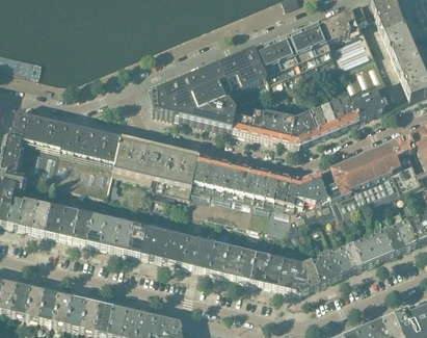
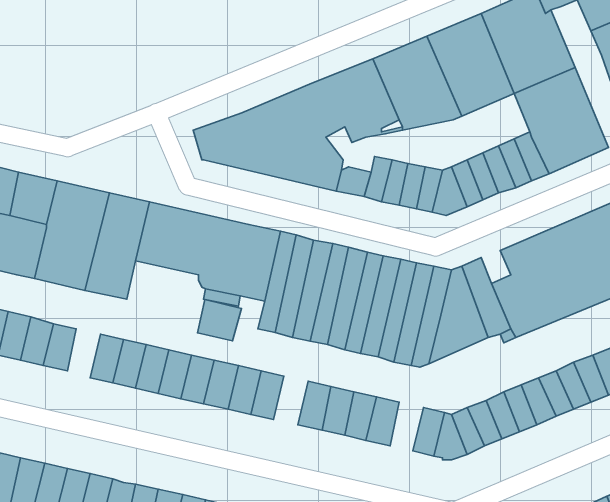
building: none -> [197,300,241,341]
building: [73,211,92,240] -> none
building: [195,239,216,268] -> none
building: [265,255,285,284] -> none

